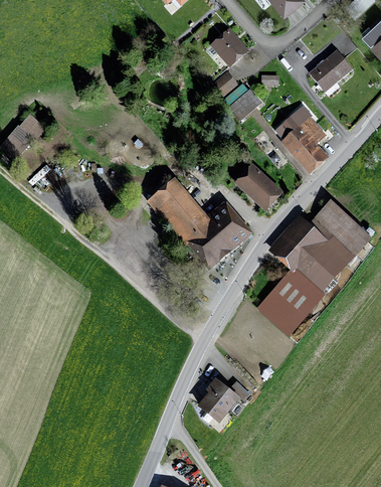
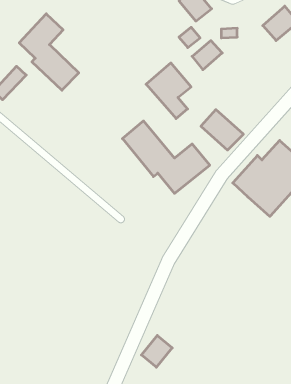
building: none -> [19,14,79,90]
building: [273,106,325,169] -> [146,63,191,119]
building: [255,268,325,336] -> none
building: [200,383,235,420] -> [141,335,172,367]

